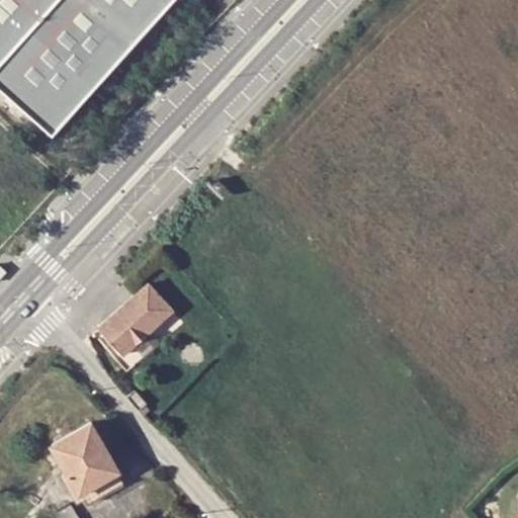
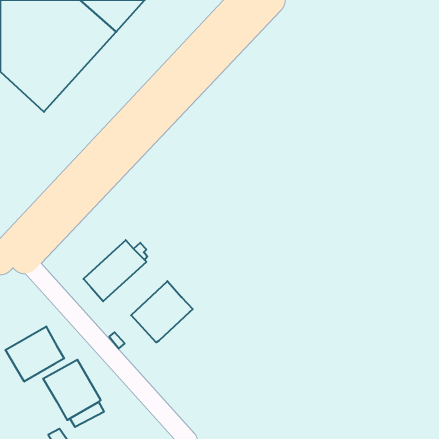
building: none -> [131,281,193,342]
building: none -> [5,326,64,382]

